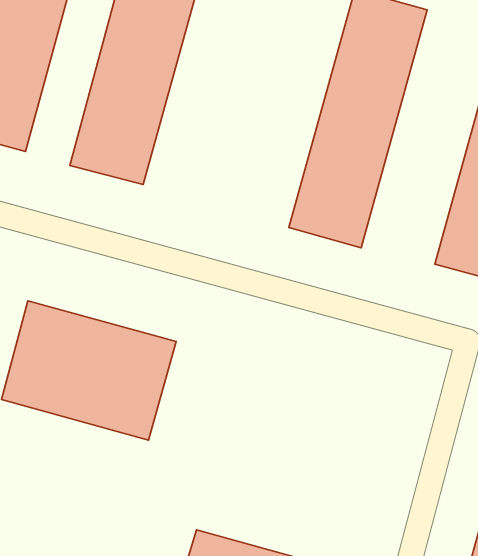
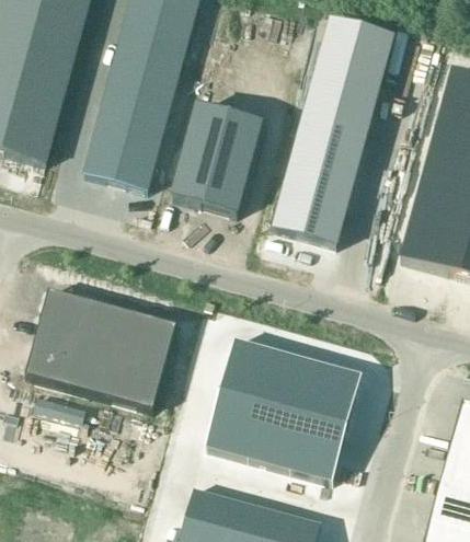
building: none -> [170,104,262,215]
building: none -> [204,341,360,482]

